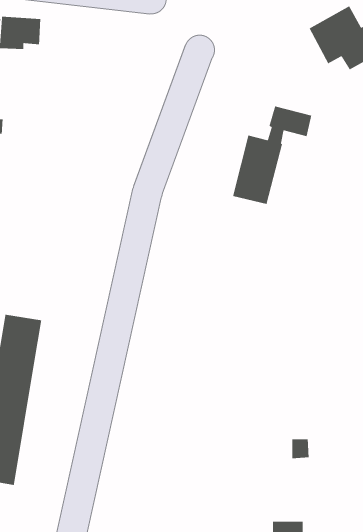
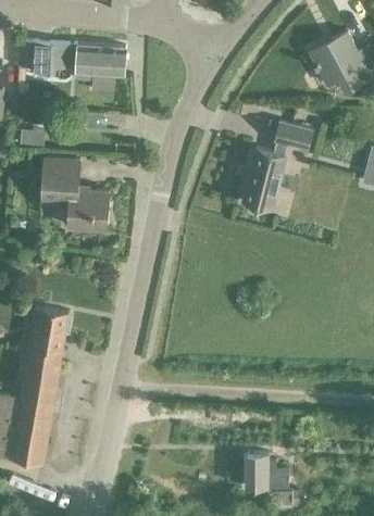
building: none -> [74,43,123,92]
building: none -> [39,158,108,228]
building: none -> [246,453,289,489]

